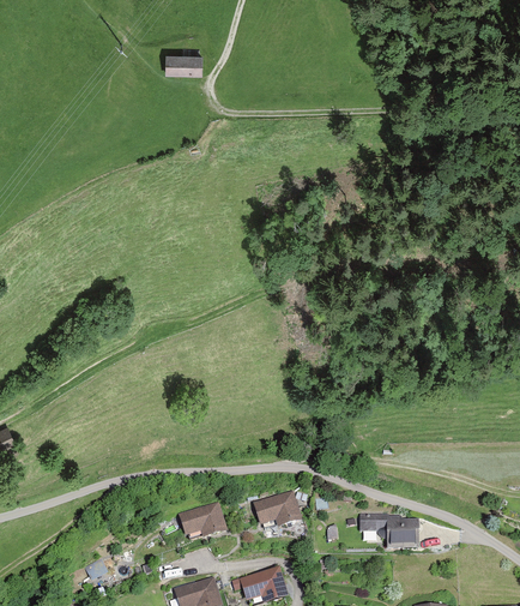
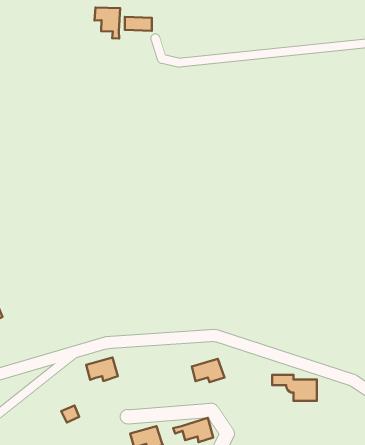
building: none -> [95,7,120,39]
building: [182,504,223,534] -> [86,357,118,381]

